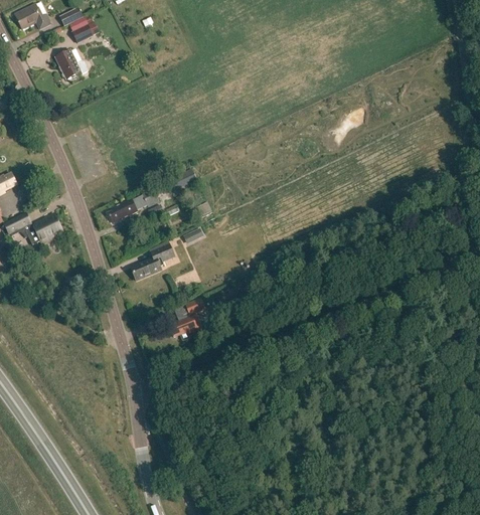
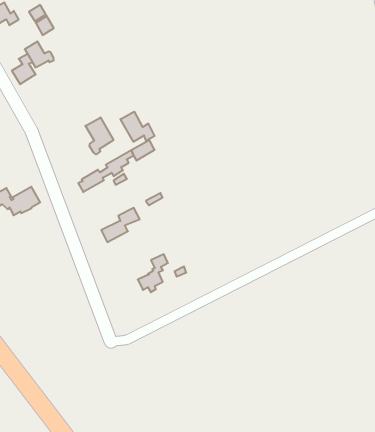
building: none -> [12,54,36,84]
building: none -> [120,112,155,142]
building: none -> [85,117,113,154]

